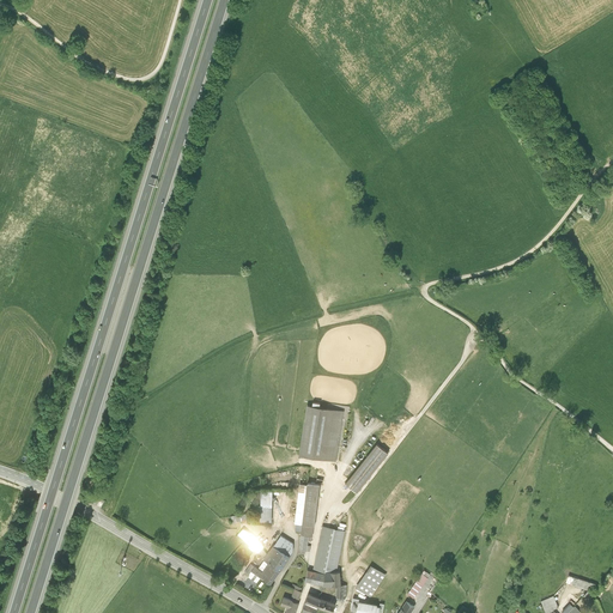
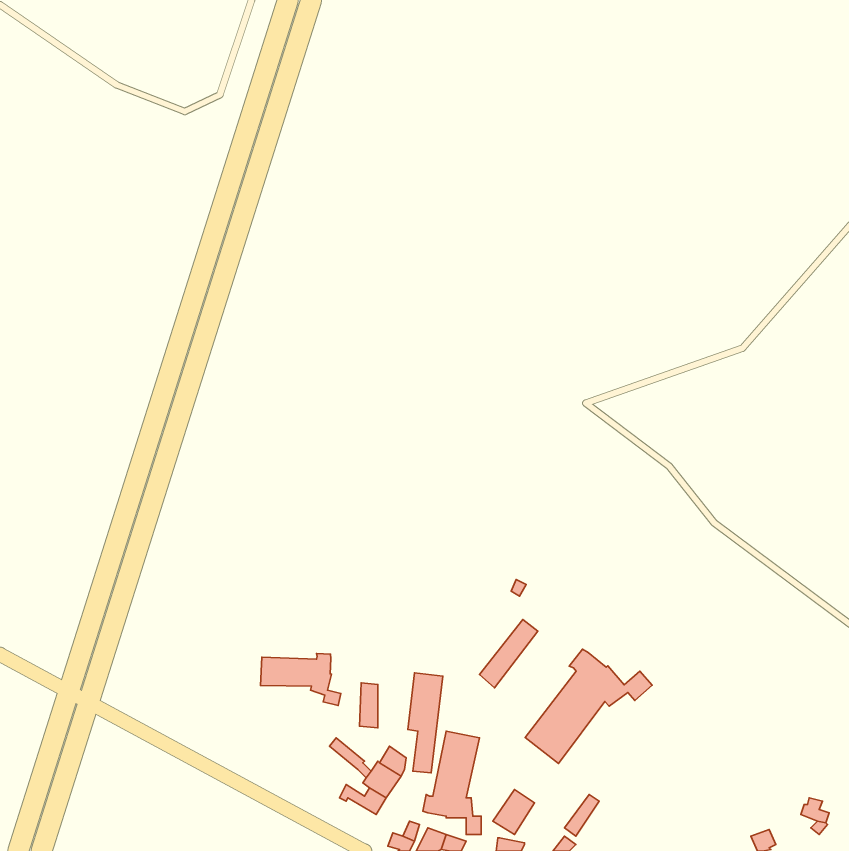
building: [298,405,345,462] -> none
building: none -> [525,649,652,764]
building: none -> [261,653,341,705]

